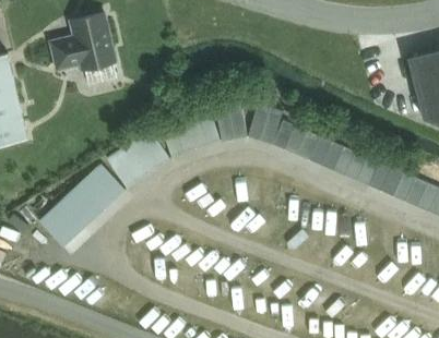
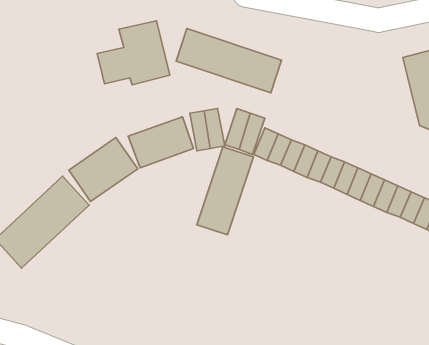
building: [50,13,116,71] -> [97,21,170,85]
building: none -> [176,29,281,93]
building: none -> [197,147,254,235]

